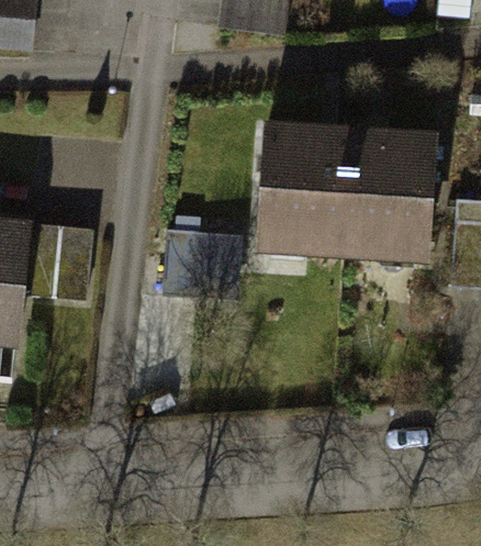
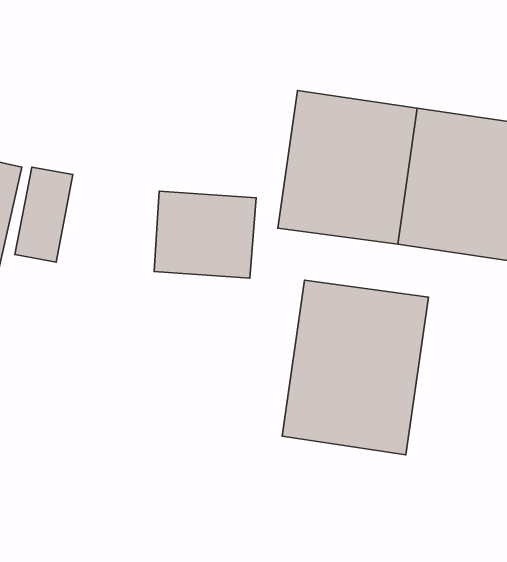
building: none -> [282,280,428,455]

